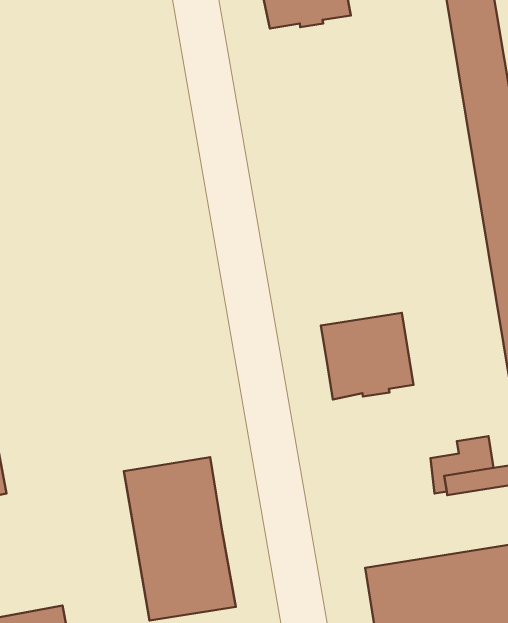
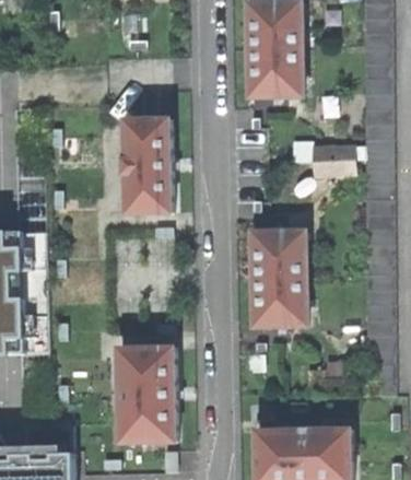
building: none -> [122,118,171,212]
building: none -> [312,149,354,175]
building: none -> [254,230,305,280]

